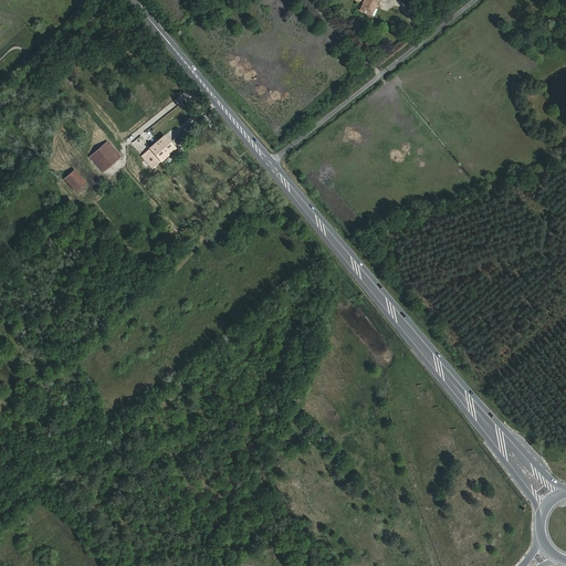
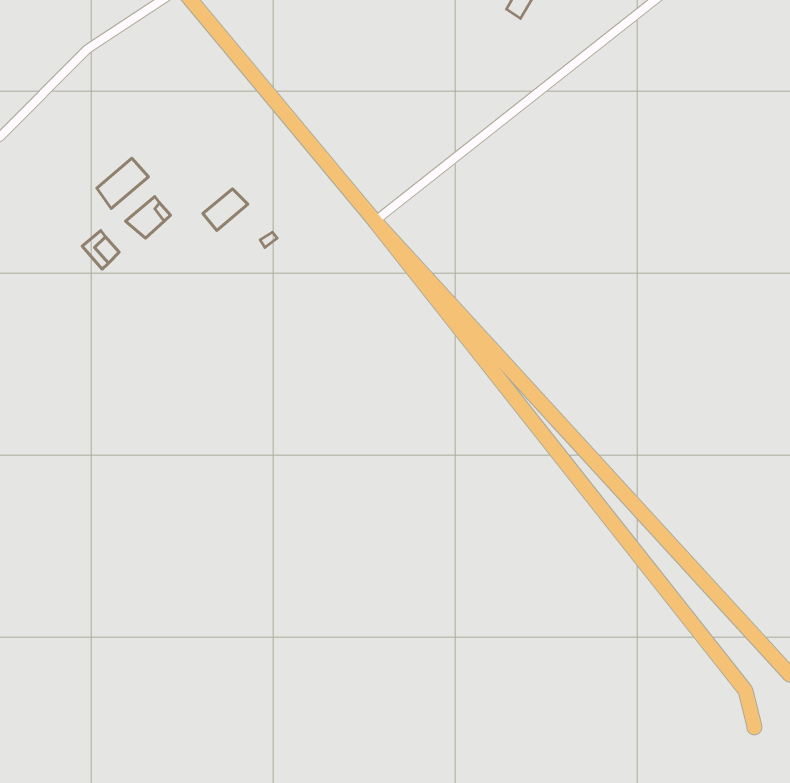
building: none -> [97,158,148,208]

